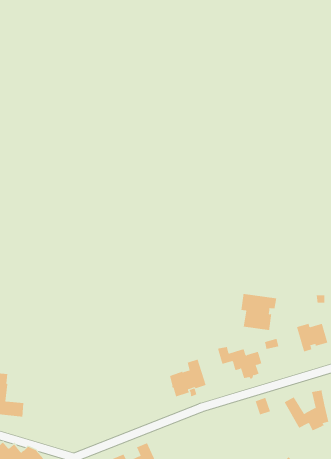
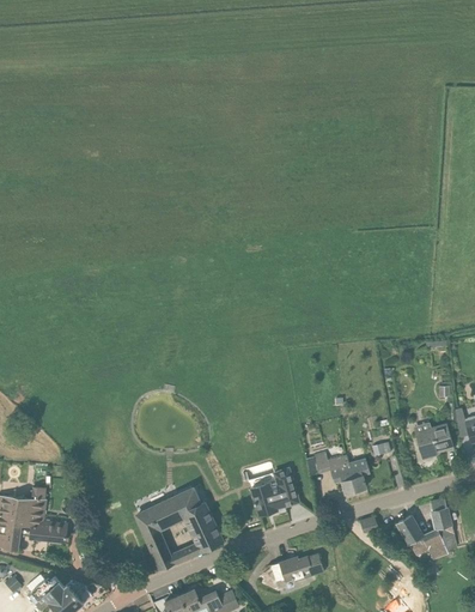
building: [241,293,277,331] -> none
building: none -> [136,490,223,569]
building: none -> [279,556,315,582]

